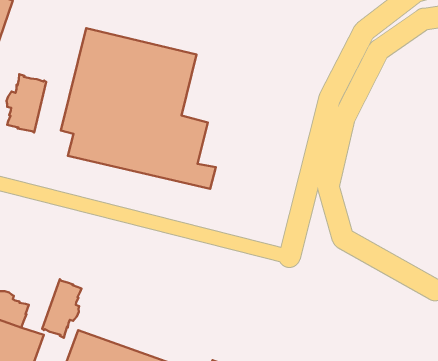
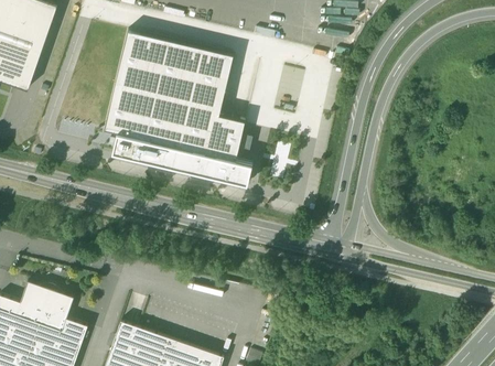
building: [6,74,46,133] -> none
building: [42,279,82,338] -> none

